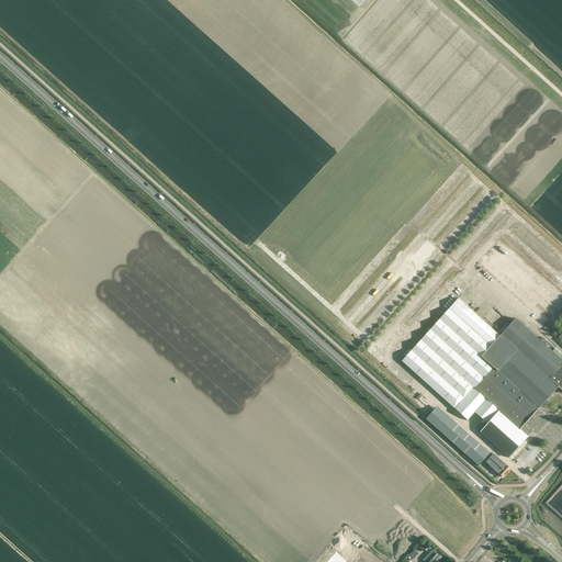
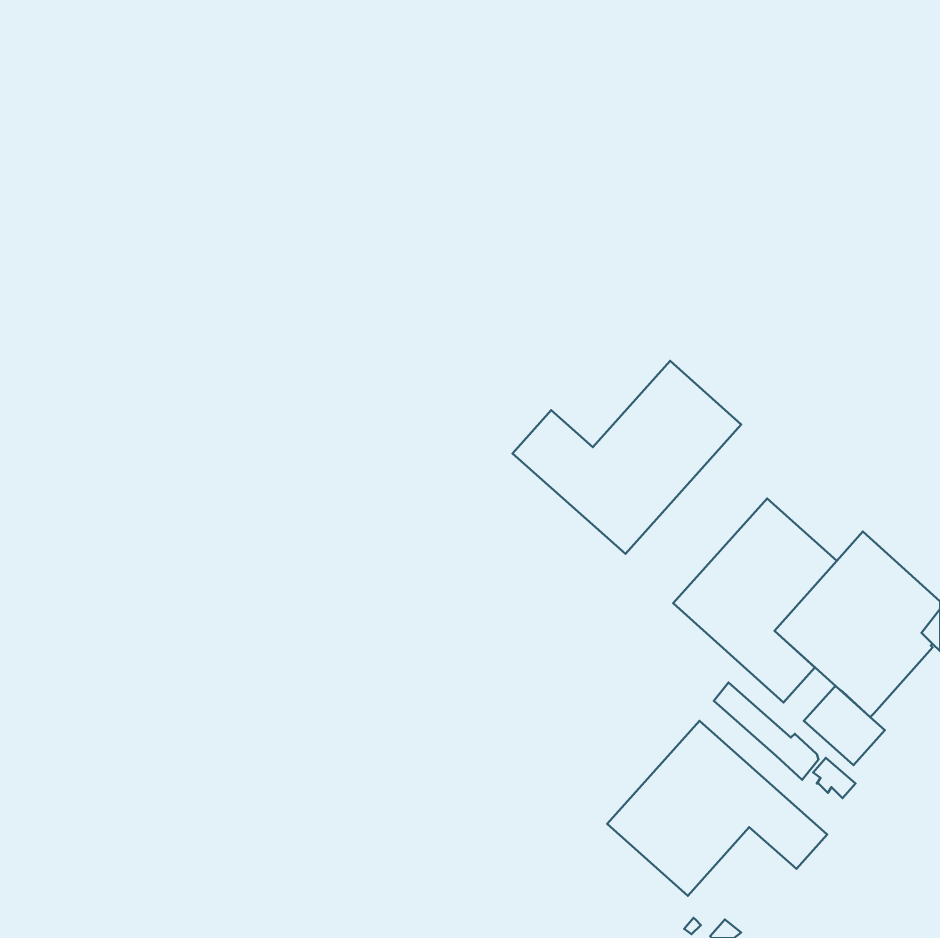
building: none -> [512,361,741,554]
building: none -> [607,721,827,896]

